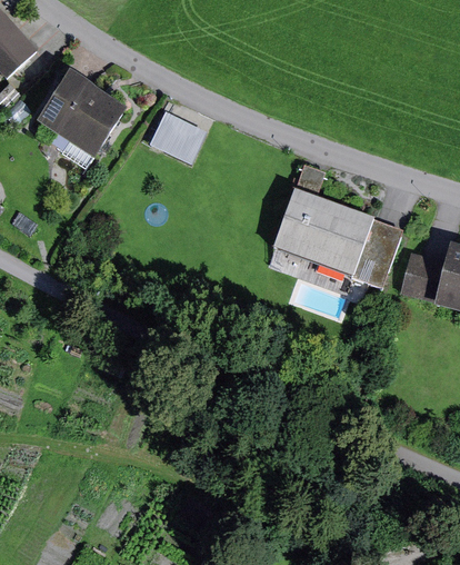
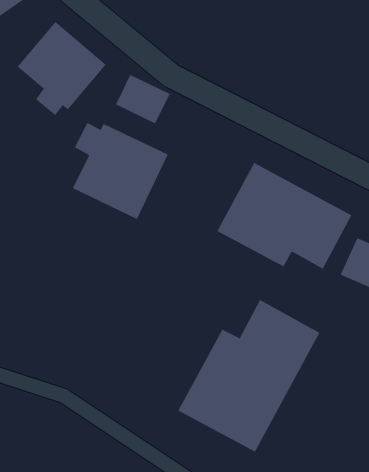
building: none -> [72,122,169,220]
building: none -> [178,299,320,453]

